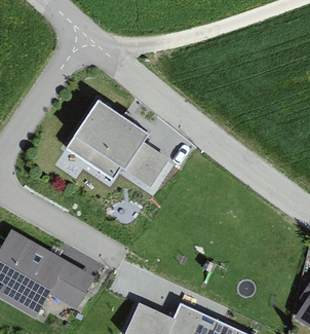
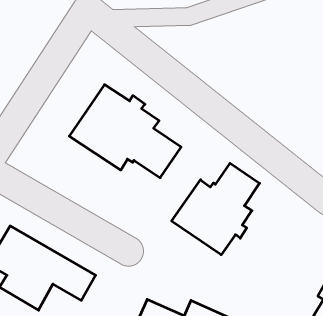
building: none -> [172,163,260,255]

